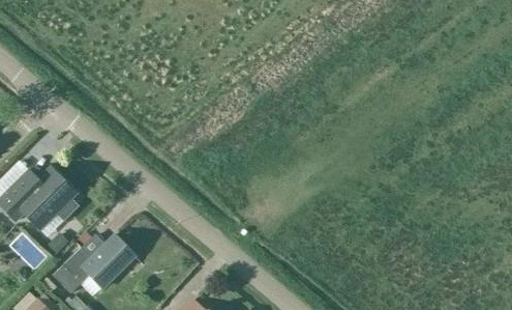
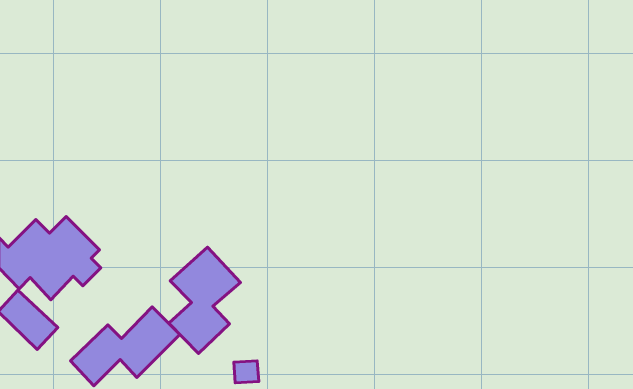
building: none -> [169,247,241,354]

